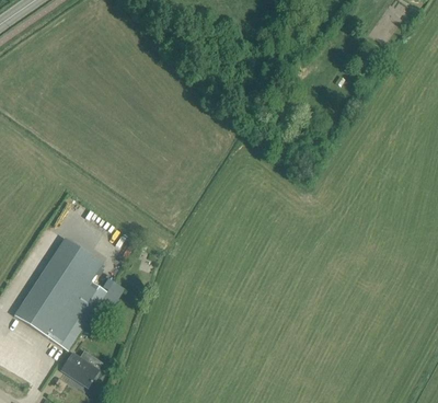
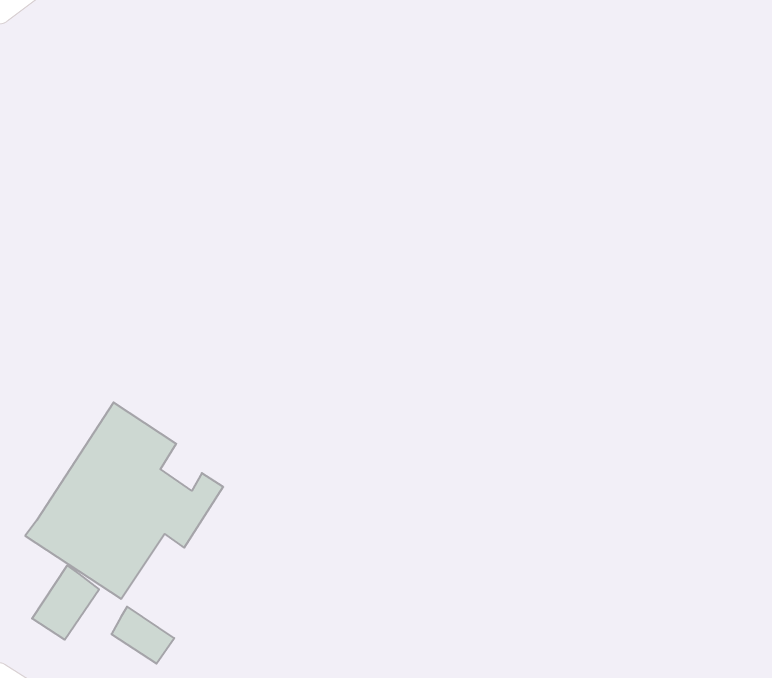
building: none -> [32,565,99,640]

